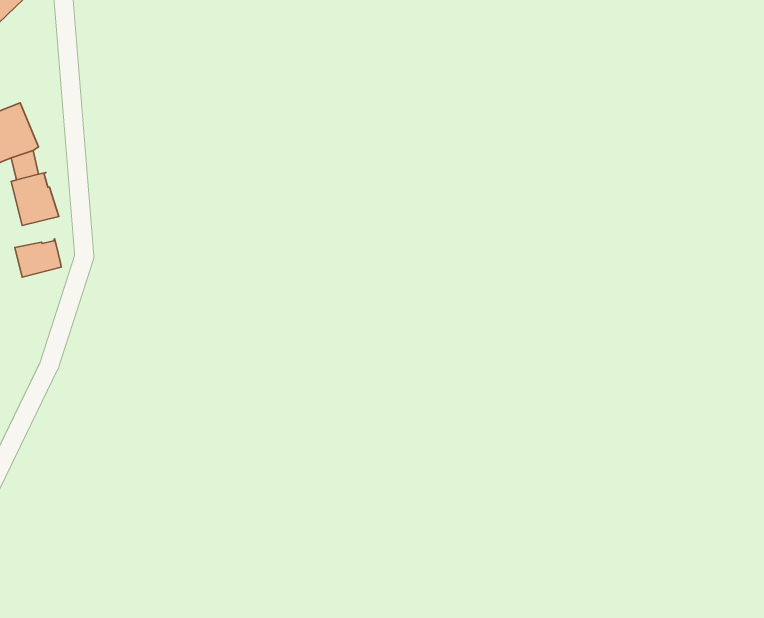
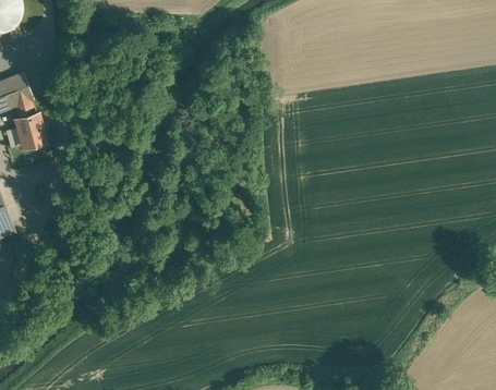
building: [15,239,61,277] -> none

